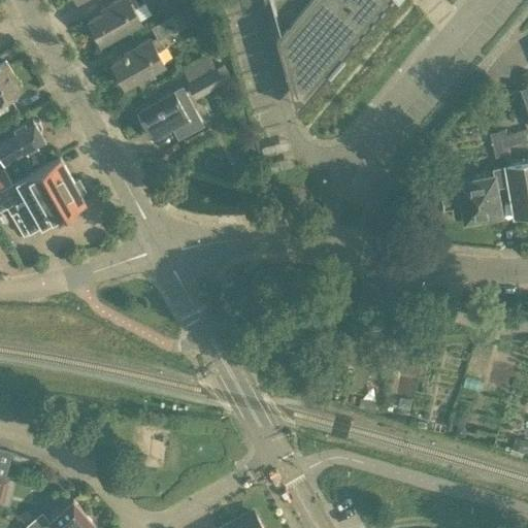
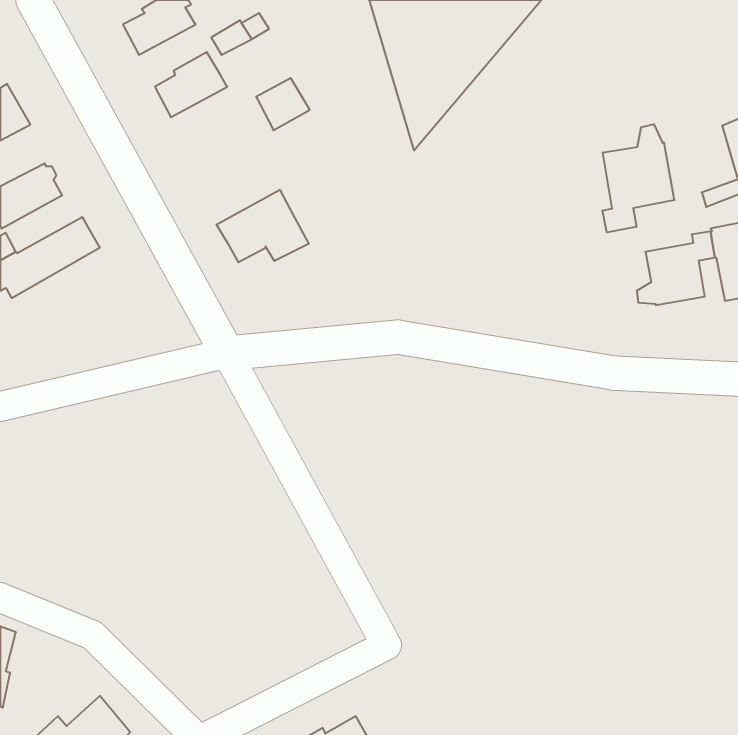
building: [137,88,203,139] -> [216,190,309,262]
building: none -> [602,124,674,232]
building: [9,179,85,238] -> none

